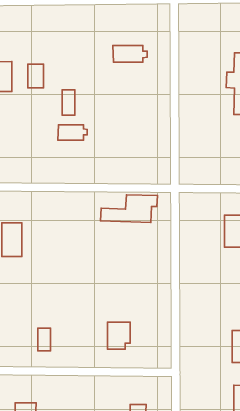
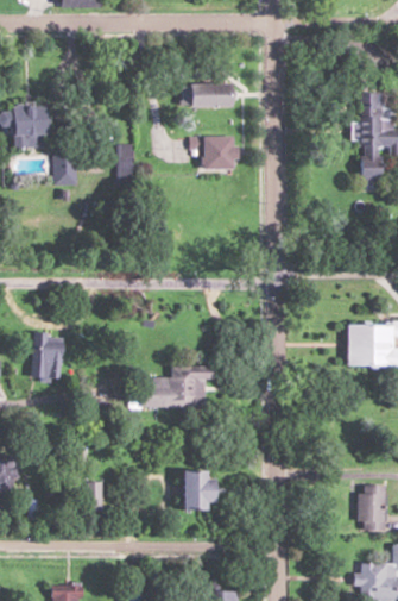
building: [28,64,44,88] -> [53,151,76,184]
building: none -> [204,139,238,169]
building: [58,125,87,140] -> none
building: [100,195,158,222] -> [135,364,216,403]

